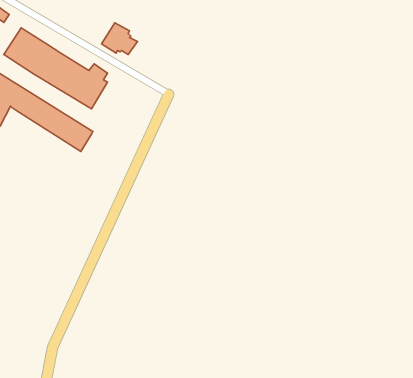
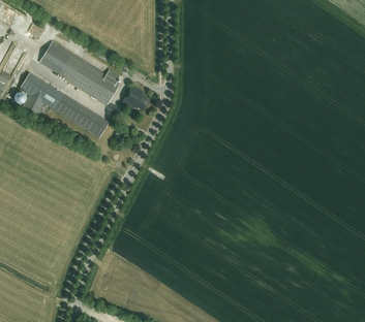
building: [101,23,137,55] -> [122,85,150,109]

